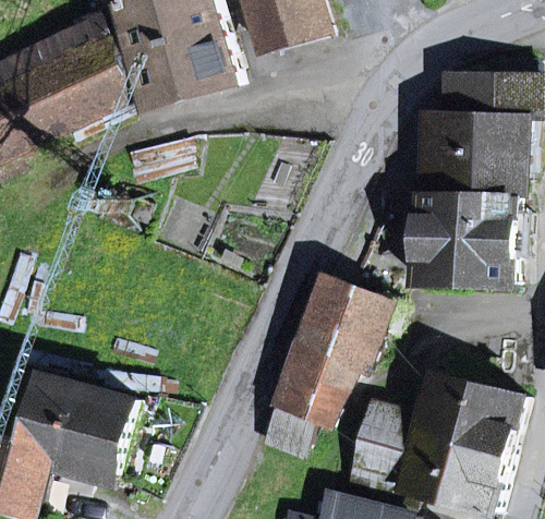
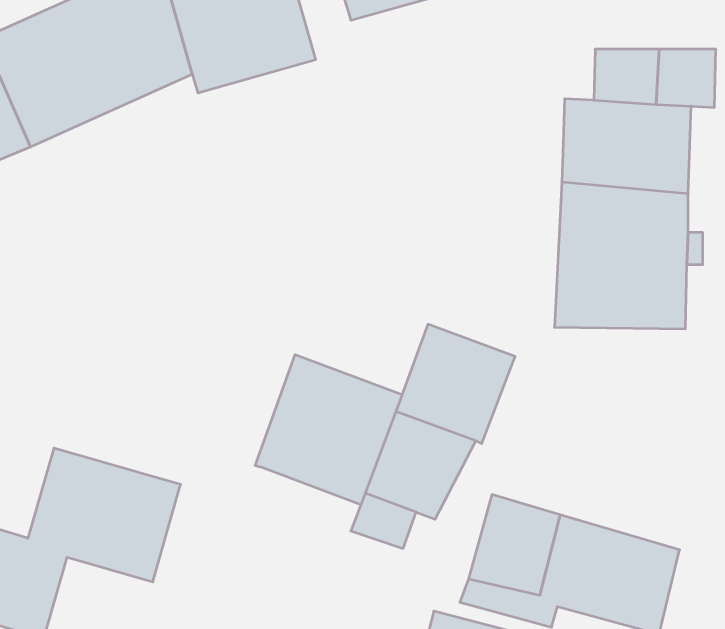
building: none -> [255,355,402,505]
building: [432,375,524,450] -> none

